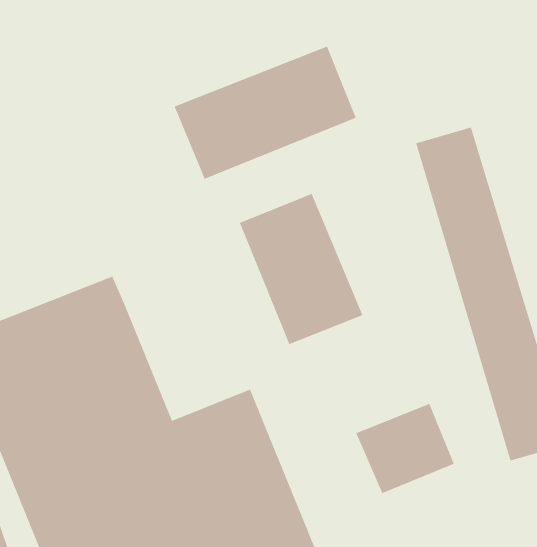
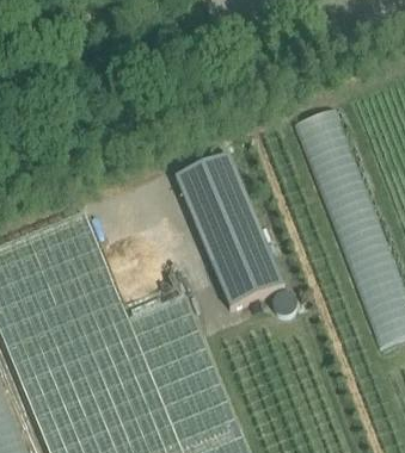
building: [174,45,357,180] -> none
building: [355,403,455,494] -> [211,244,283,310]

